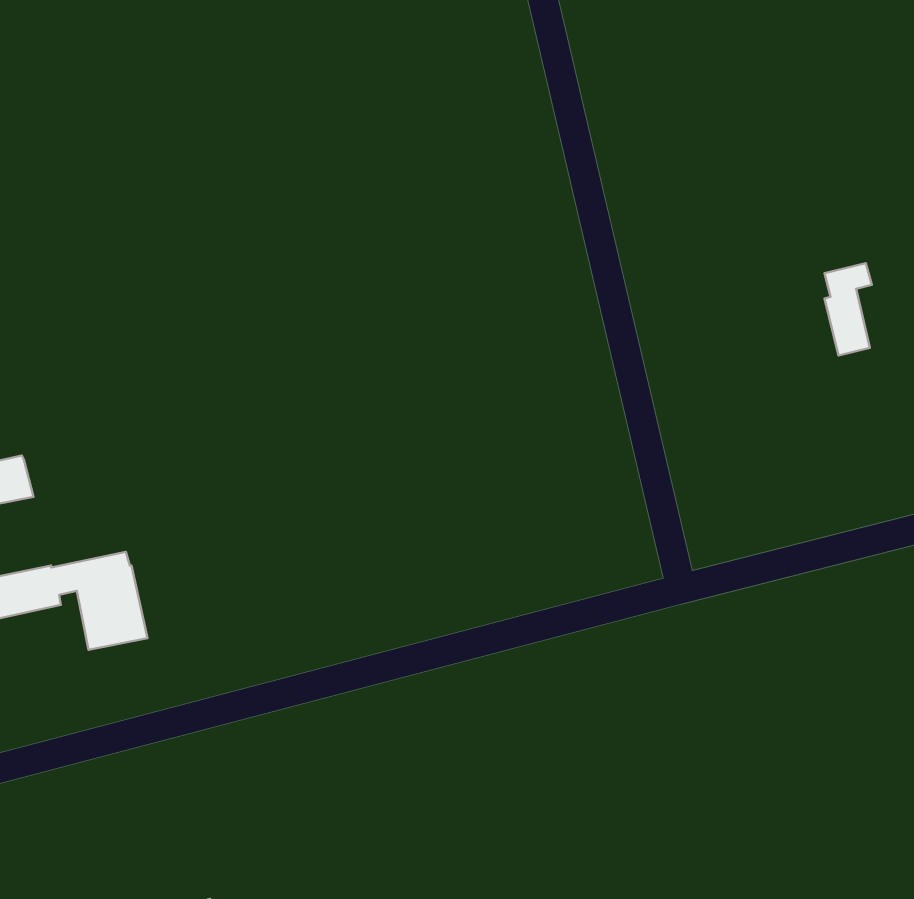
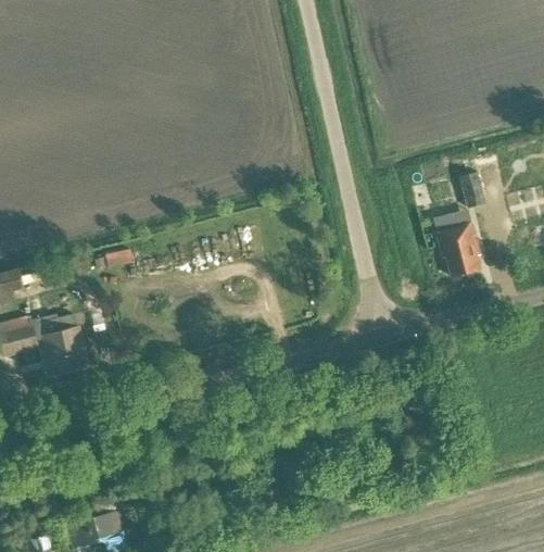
building: none -> [420,210,479,275]

